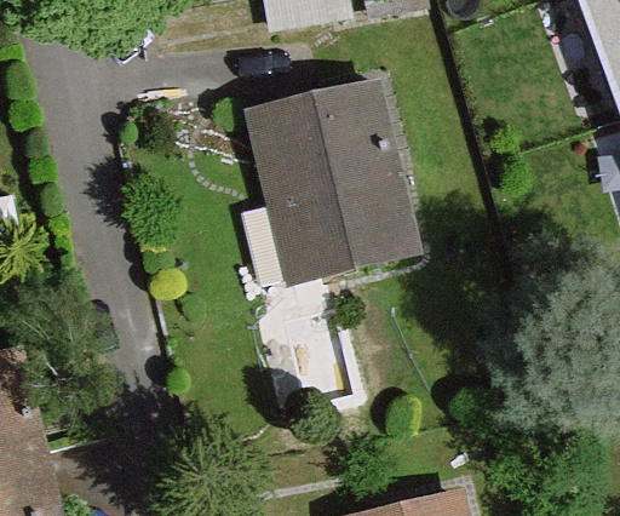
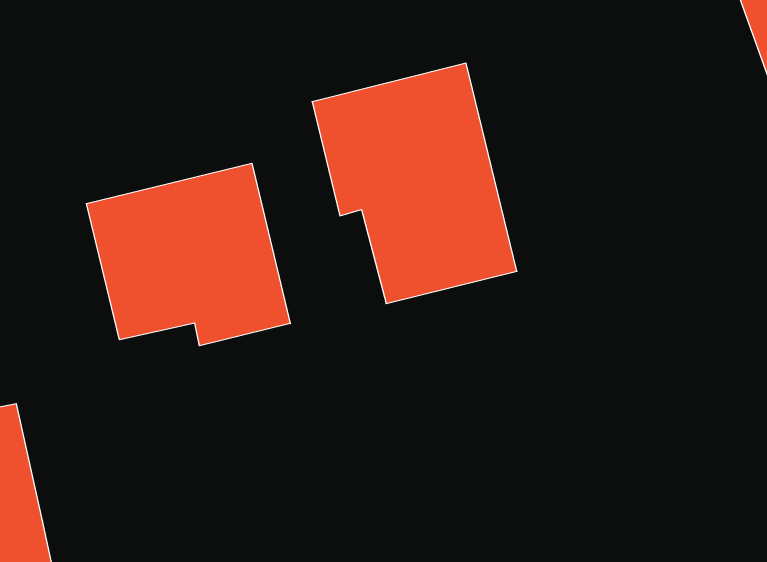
building: none -> [86,163,290,346]

